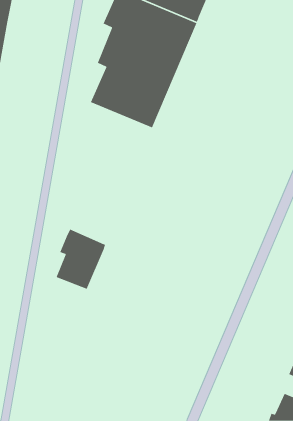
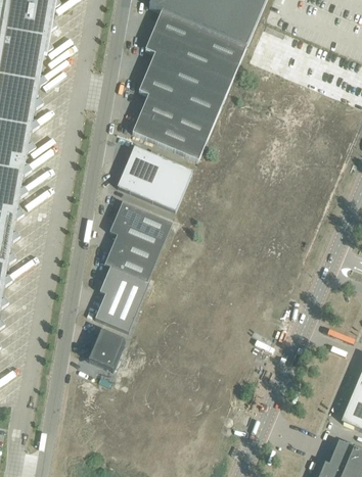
building: none -> [117,146,191,210]
building: none -> [103,201,171,282]
building: none -> [87,329,124,369]

